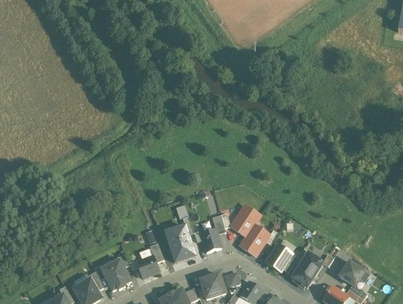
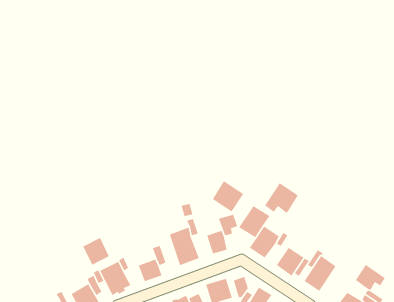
building: none -> [212,180,244,212]
building: none -> [264,182,299,213]
building: none -> [82,237,110,266]

